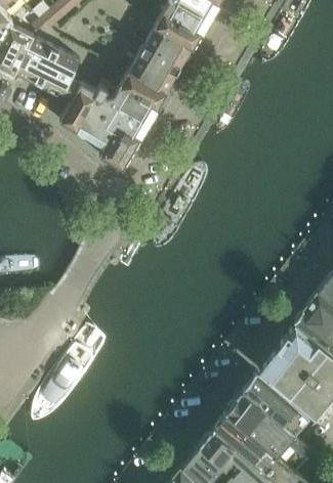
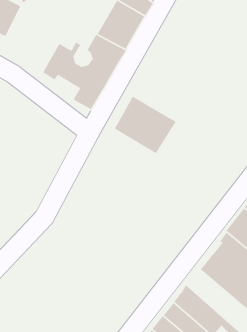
building: [14,36,81,100] -> none
building: none -> [114,96,177,154]
building: [243,371,309,435] -> none

